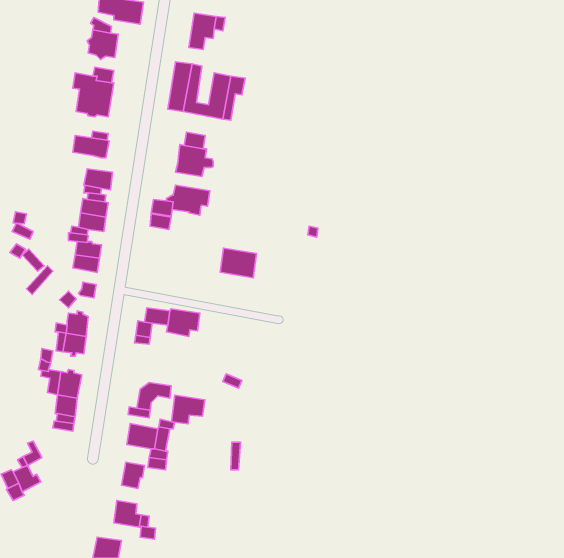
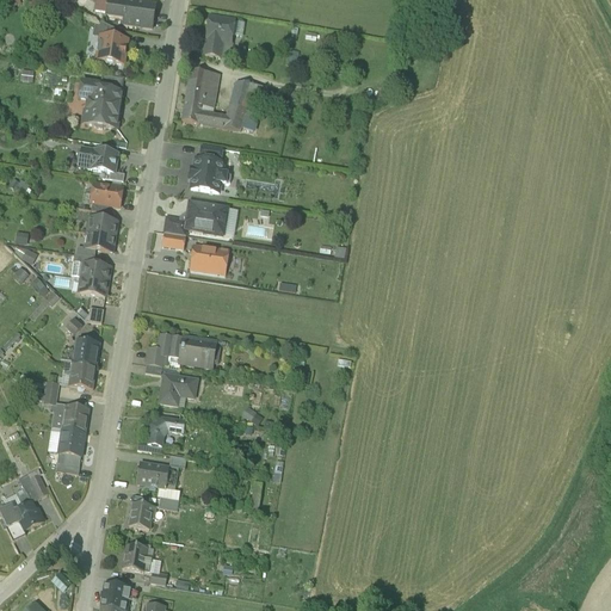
building: [220,248,257,278] -> [190,242,229,274]
building: [172,395,205,424] -> [161,372,197,403]

